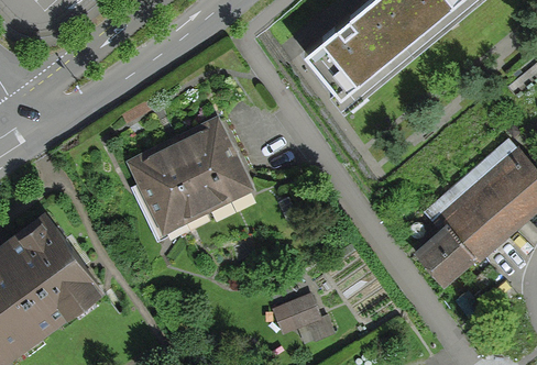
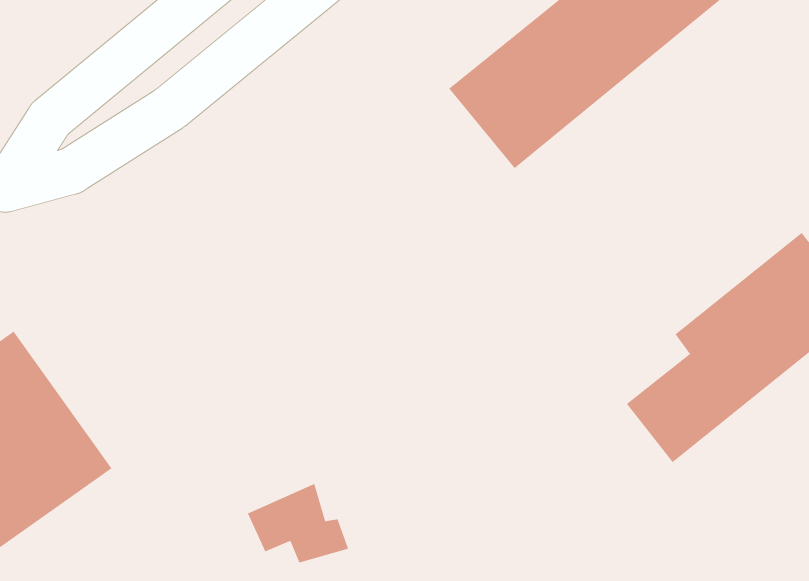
building: [125,115,254,235] -> none
building: [271,292,333,342] -> [247,483,349,563]

